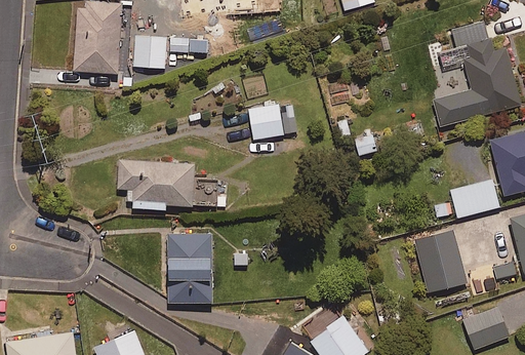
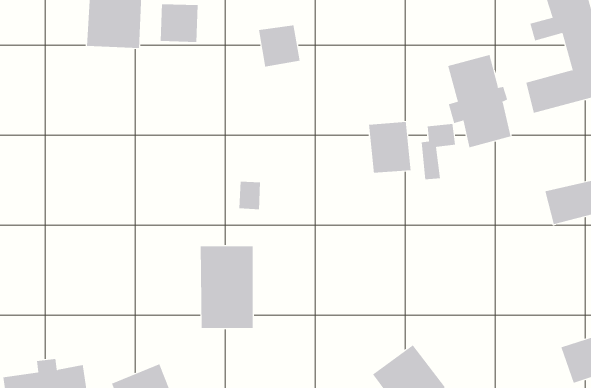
building: none -> [448,54,511,148]
building: [248,105,283,140] -> [258,25,301,67]
building: none -> [369,121,411,174]
building: [118,161,194,209] -> none
building: [416,231,467,292] -> none

